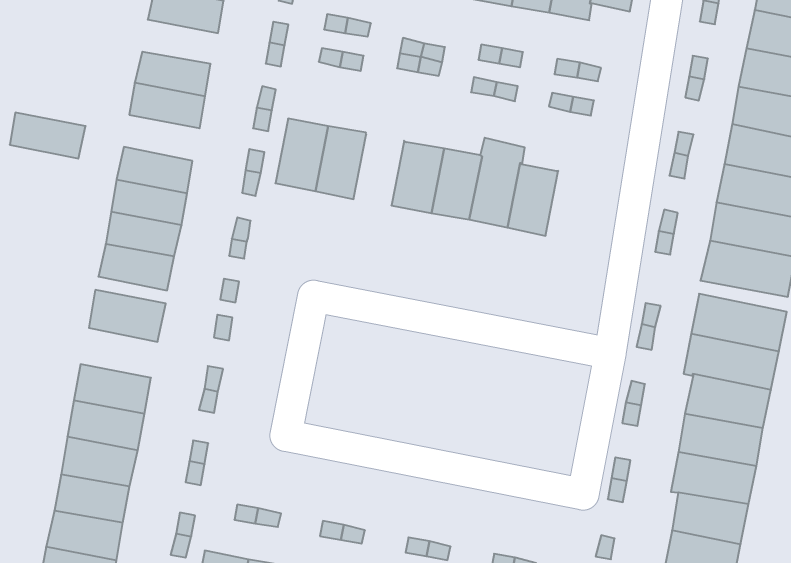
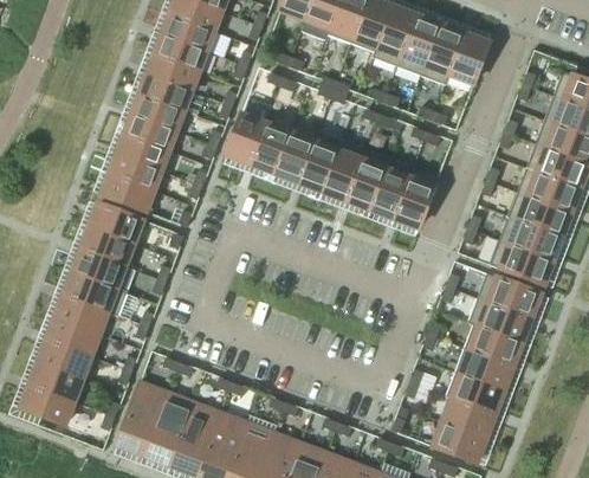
building: none -> [156,34,207,70]
building: [10,113,86,159] -> [134,93,185,130]
building: none -> [276,121,319,181]
building: none -> [395,167,439,227]
building: none -> [82,226,134,265]

